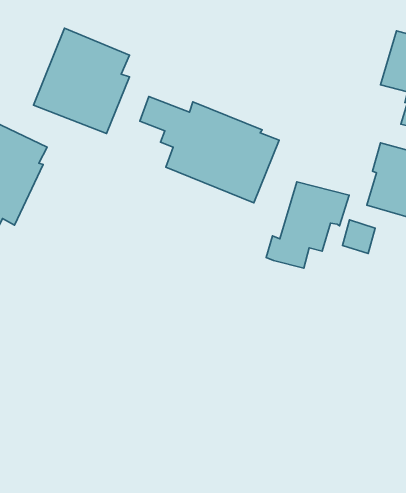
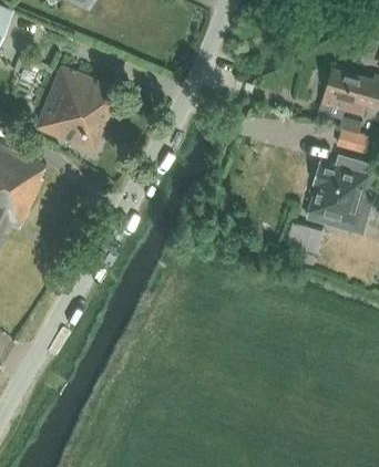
building: [140,97,279,203] -> none
building: [266,182,349,268] -> none

